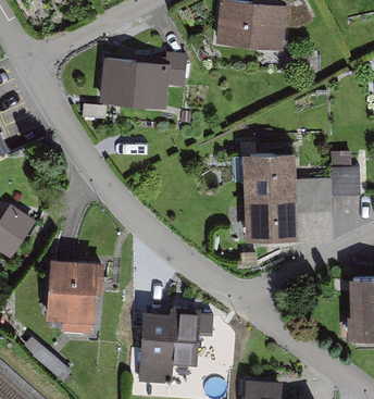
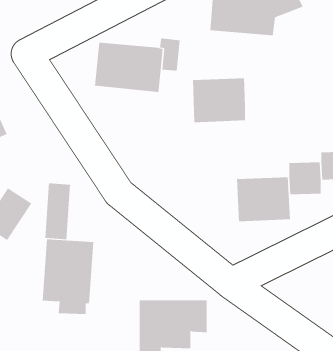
building: [241,150,296,196] -> [192,78,246,123]
building: none -> [45,182,71,240]

